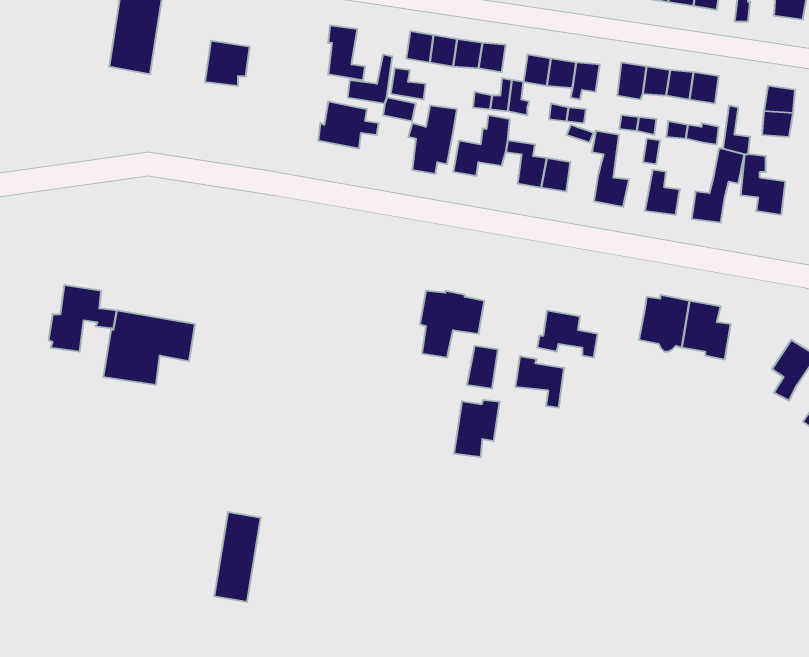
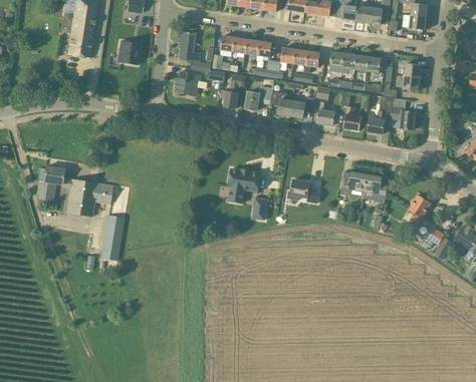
building: [516,356,564,408] -> none
building: [454,400,500,457] -> none
building: [214,512,261,602] -> [100,215,125,261]

